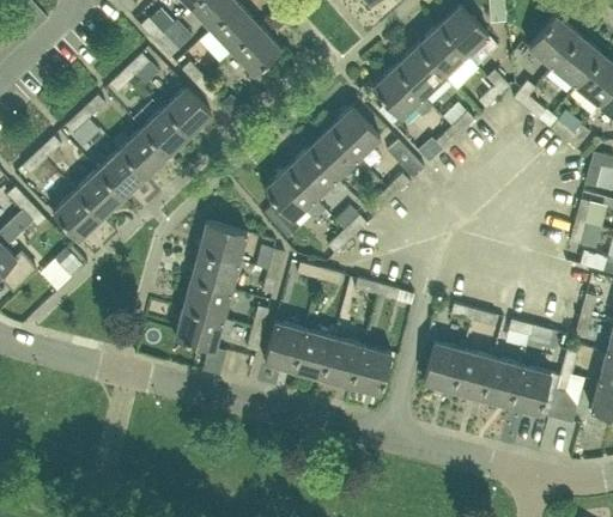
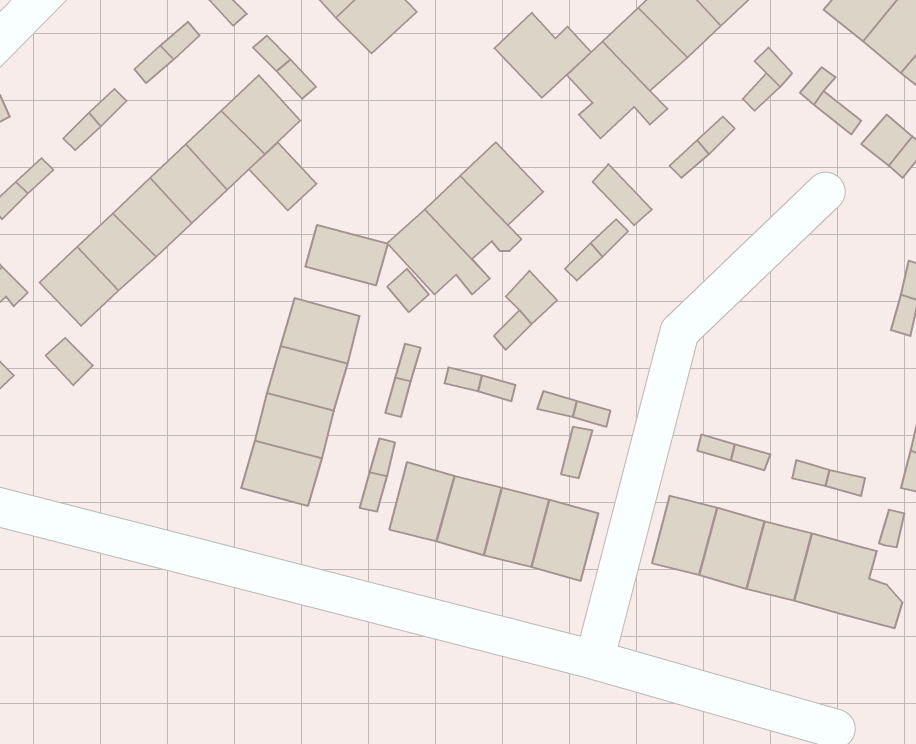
building: [329,108,388,159] -> [494,13,591,98]
building: none -> [249,143,317,210]
building: none -> [305,225,388,285]

